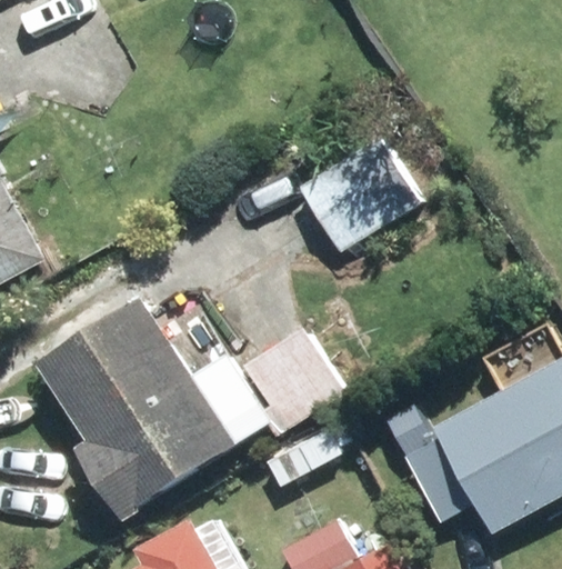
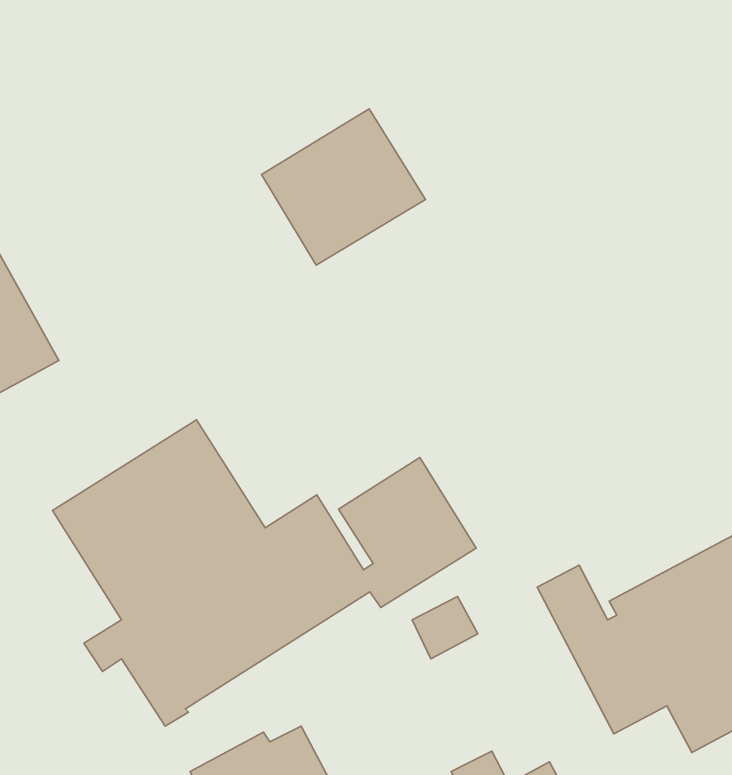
building: [300,138,417,249] -> [261,109,425,265]

